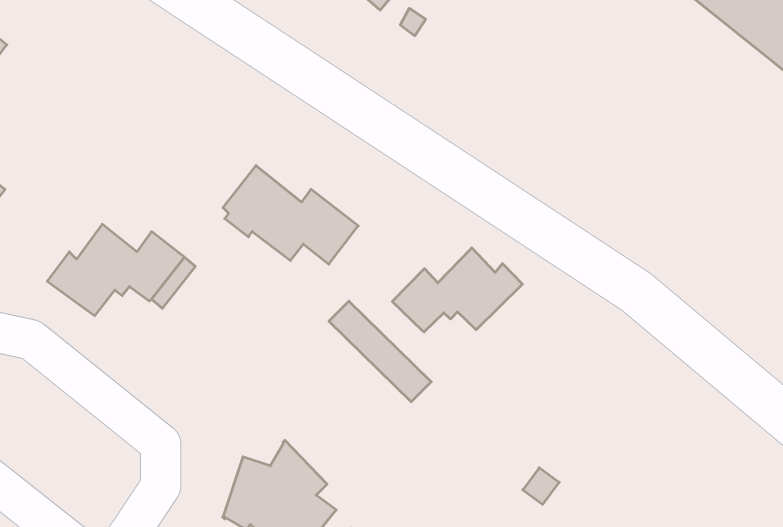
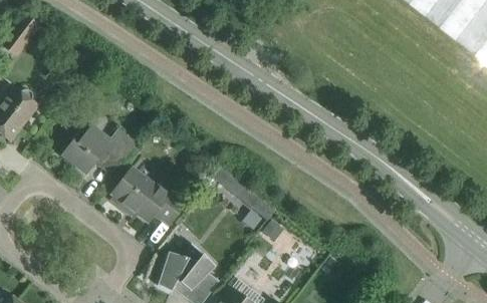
building: [223,165,358,264] -> [110,172,185,226]
building: [392,248,522,332] -> none

